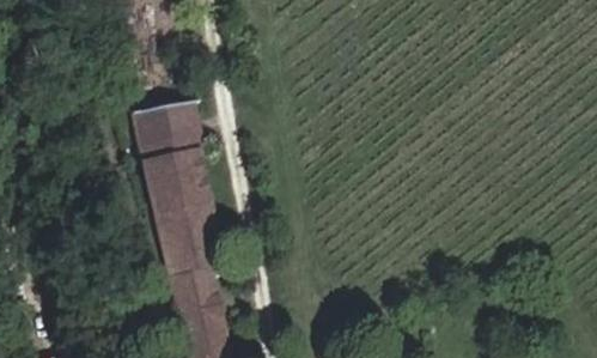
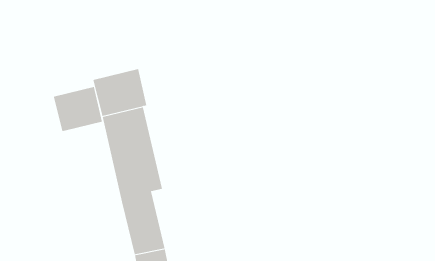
building: none -> [53,86,103,132]

